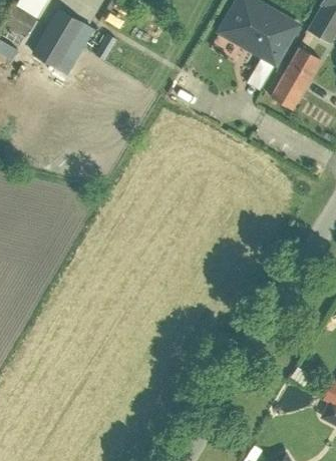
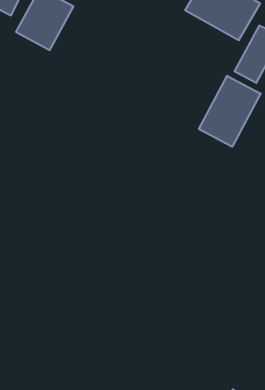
building: none -> [199,76,261,147]

